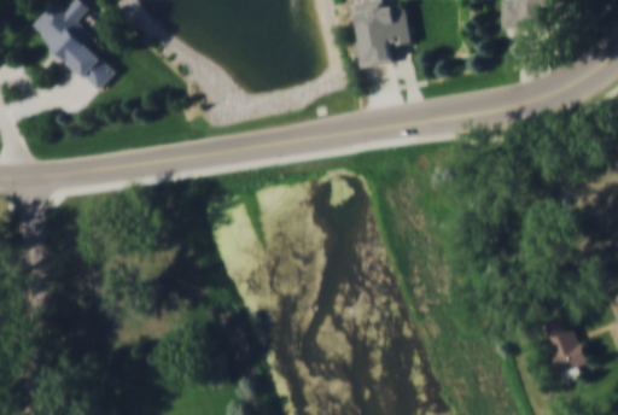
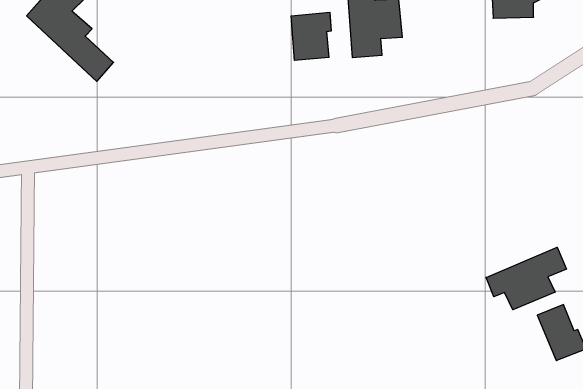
building: none -> [291,12,331,60]
building: none -> [486,247,566,310]

